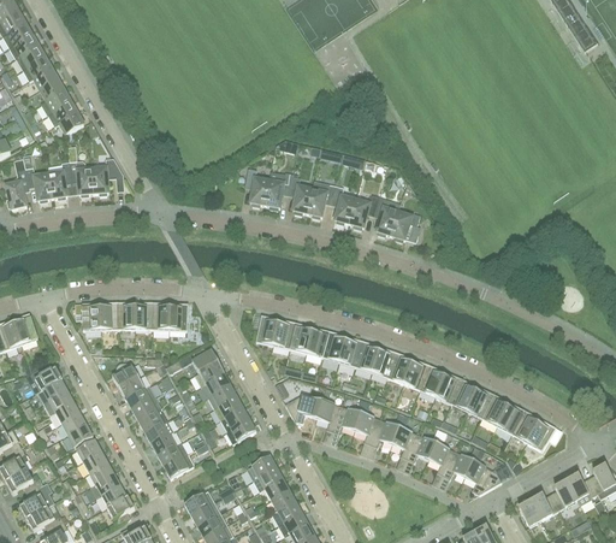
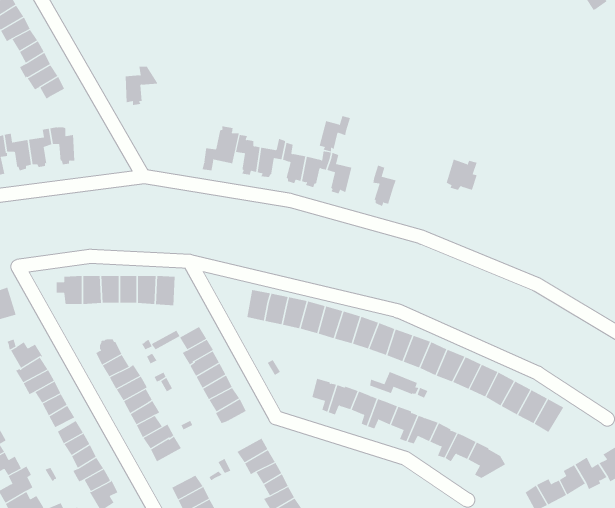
building: [91,158,123,195] -> [125,66,158,105]
building: none -> [202,126,239,171]
building: [349,194,379,229] -> [319,115,351,152]
building: [390,211,420,241] -> [446,159,477,191]
building: none -> [370,371,419,395]
building: [285,394,321,423] -> none

